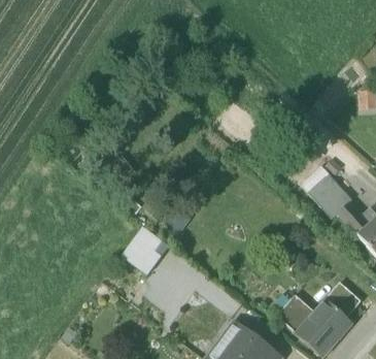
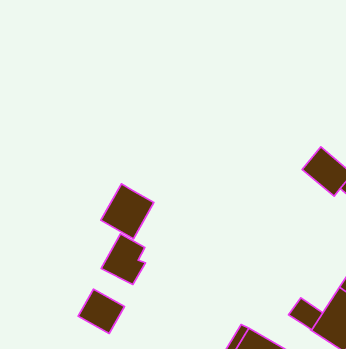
building: none -> [101,184,154,239]
building: none -> [78,289,125,333]

